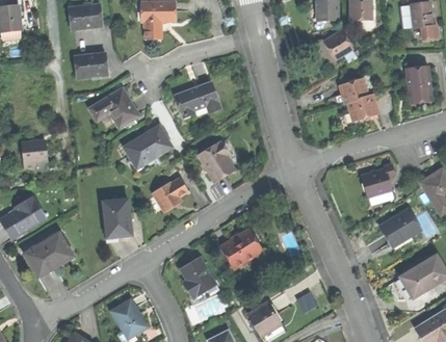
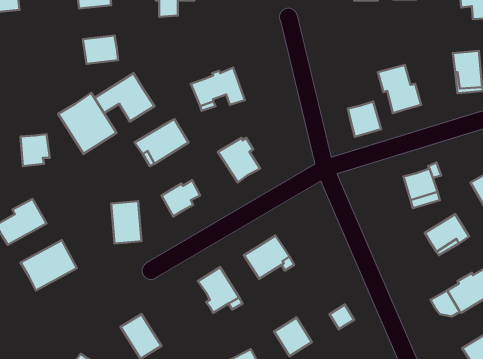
building: [324,30,353,59] -> none
building: none -> [58,93,117,154]
building: none -> [348,102,381,137]

